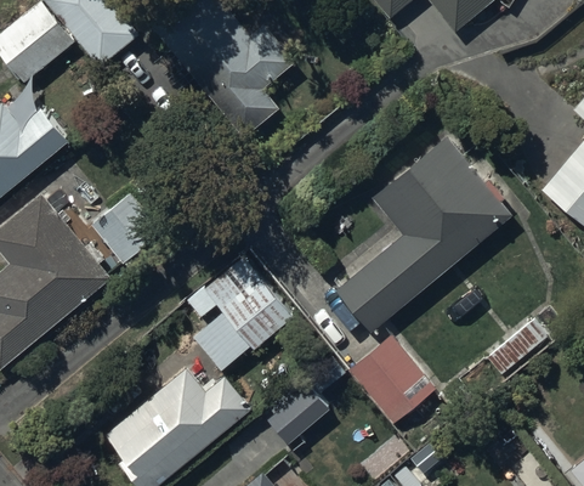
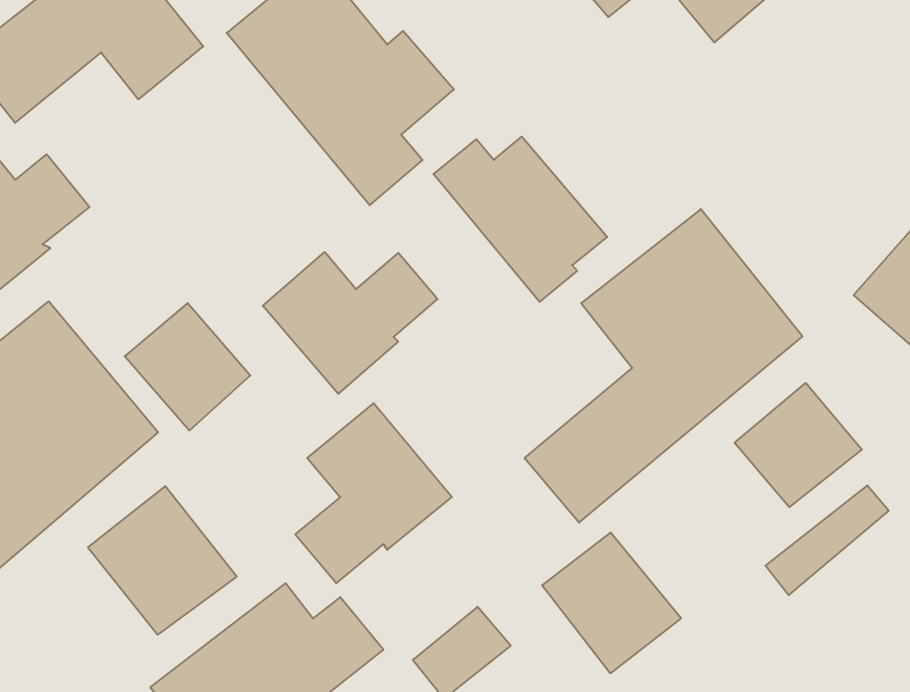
building: none -> [434,137,607,302]
building: none -> [263,252,438,394]
building: none -> [735,383,862,507]
building: none -> [88,486,237,635]

